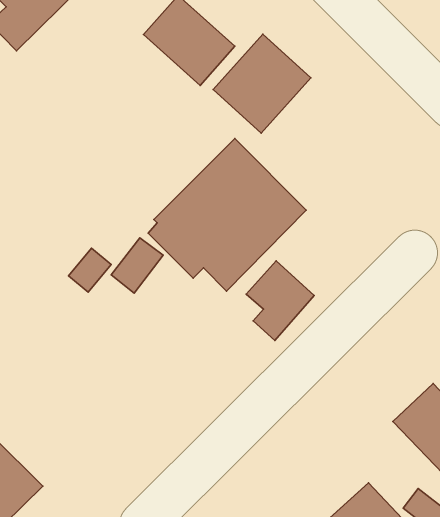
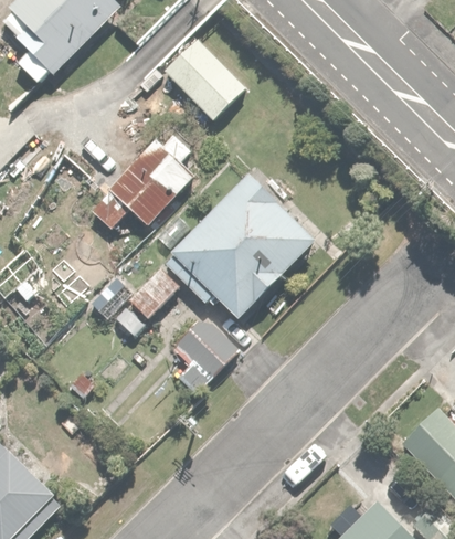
building: [213,34,311,133] -> none
building: none -> [91,133,193,226]
building: [246,261,314,340] -> [171,318,236,394]

